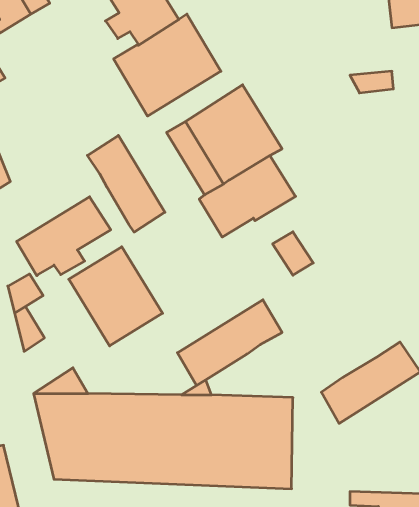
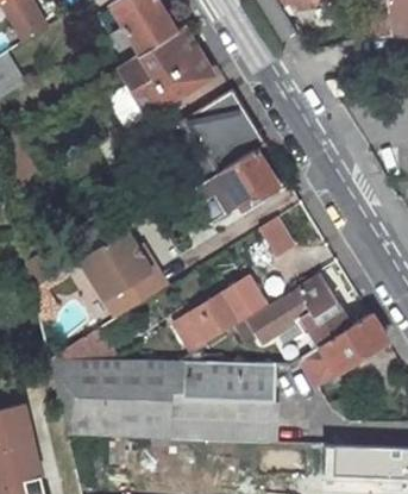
building: [87,135,165,232] -> none
building: [17,197,111,276] -> none
building: none -> [236,276,350,345]

